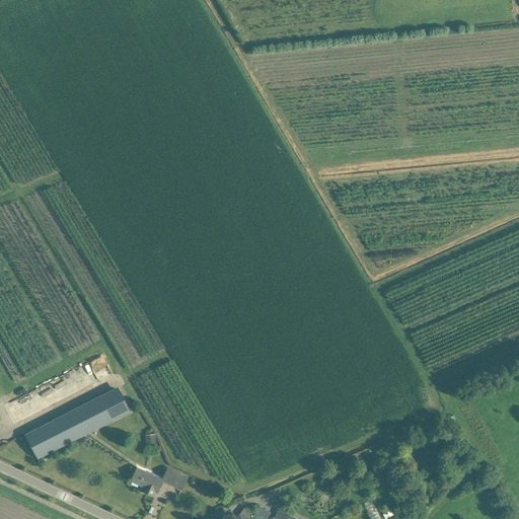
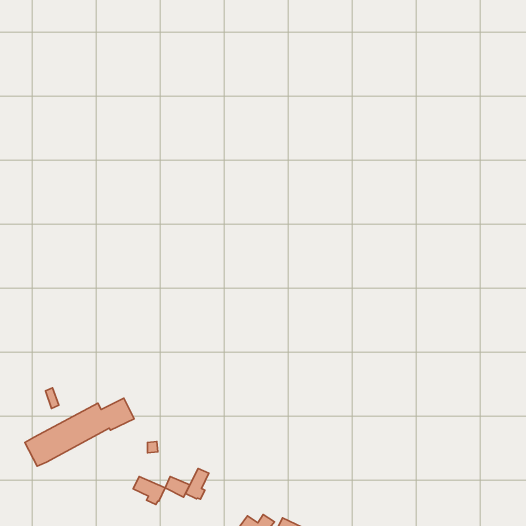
building: none -> [185,468,209,499]

